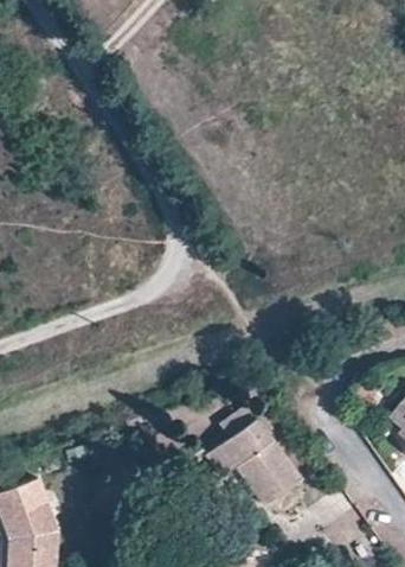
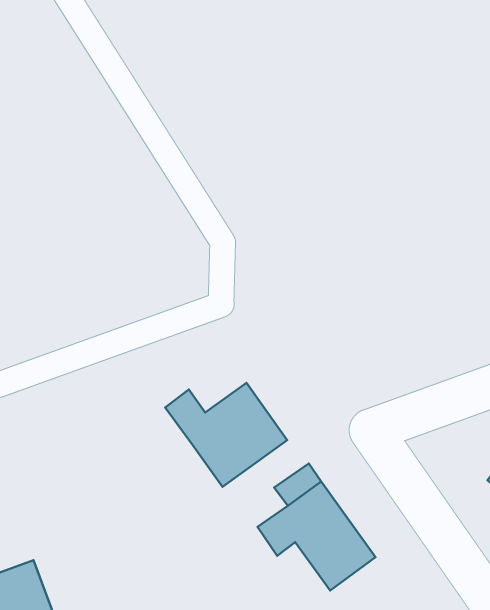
building: none -> [165,383,287,487]

